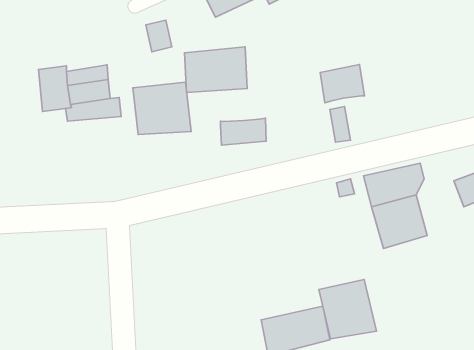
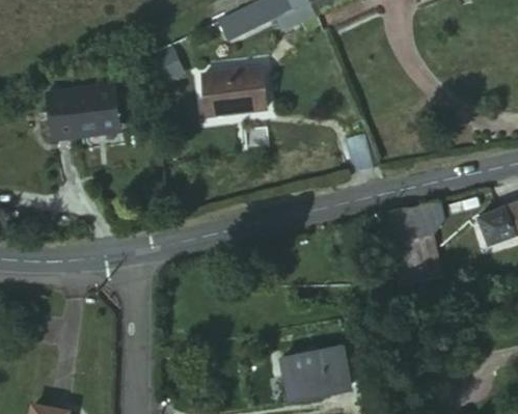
building: [320,65,364,103] -> none
building: [133,82,191,135] -> none
building: [220,118,266,145] -> none
building: [319,279,376,339] -> none

